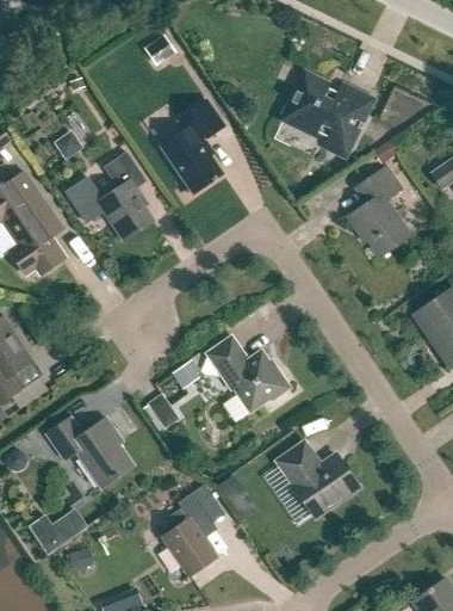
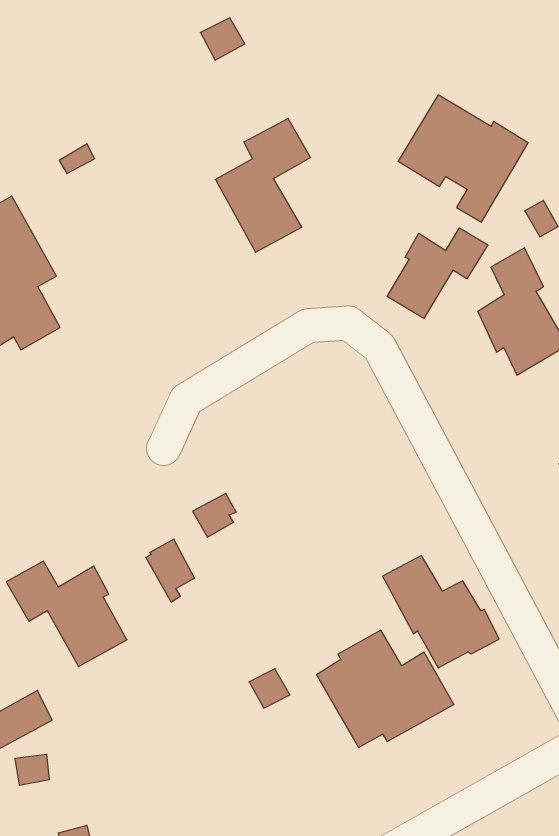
building: [66,150,153,237] -> none
building: none -> [387,228,488,318]
building: [206,335,290,411] -> [383,556,499,668]
building: [162,492,216,574] -> none

